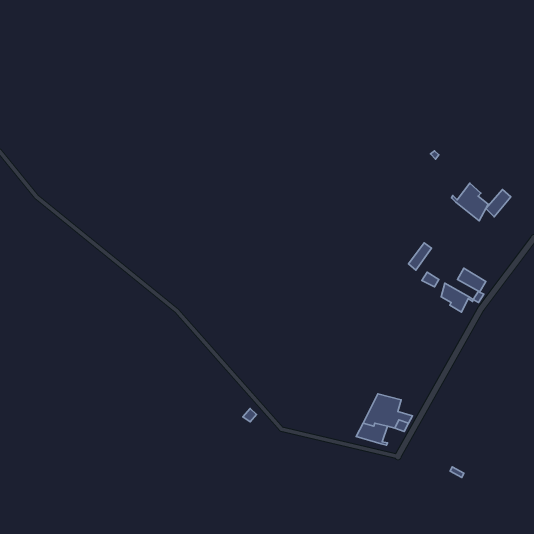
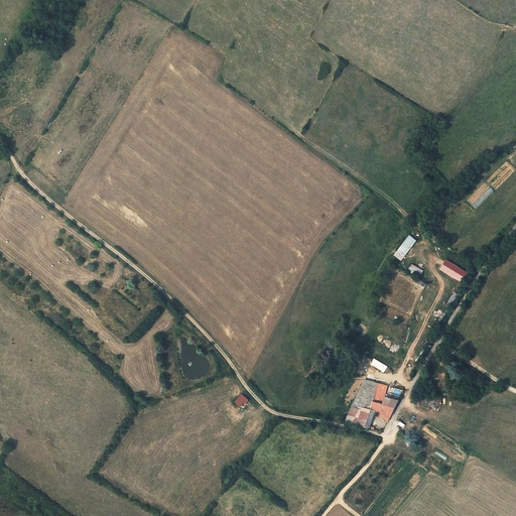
building: [451,183,488,221] -> none
building: [441,283,473,312] -> none

